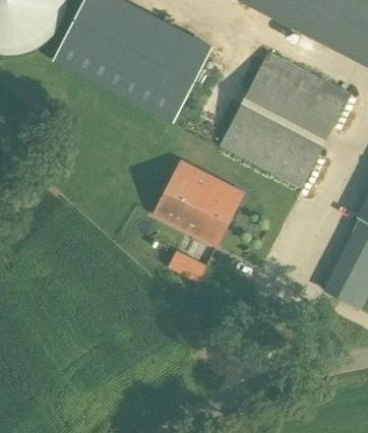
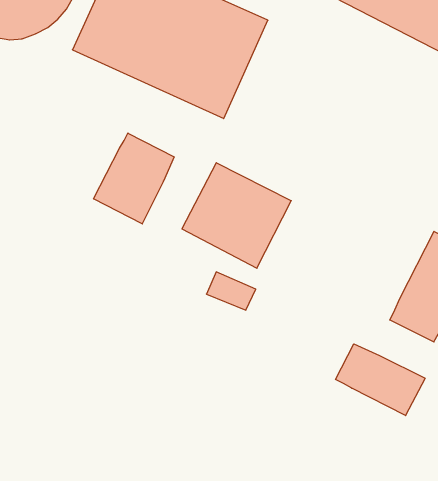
building: [217,50,350,188] -> none
building: none -> [94,133,174,224]
building: none -> [336,344,425,416]

